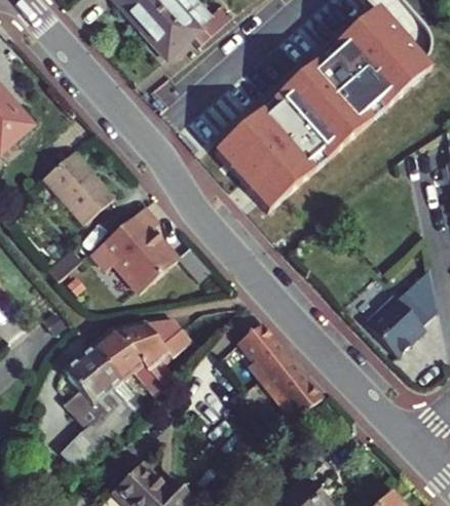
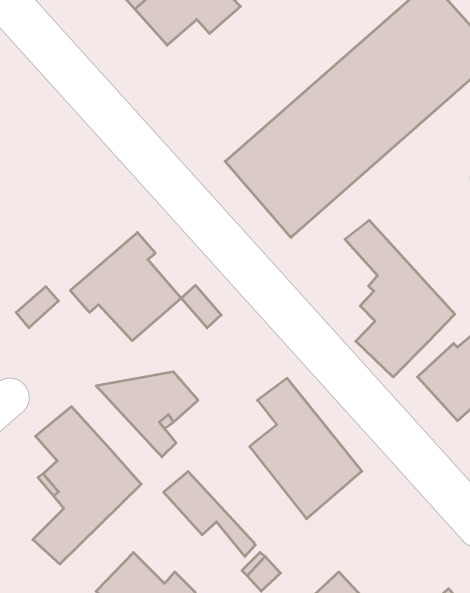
building: [43,151,114,224] -> none
building: none -> [345,220,455,377]
building: [91,328,164,396] -> [164,471,255,557]

